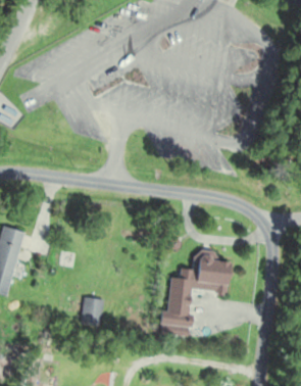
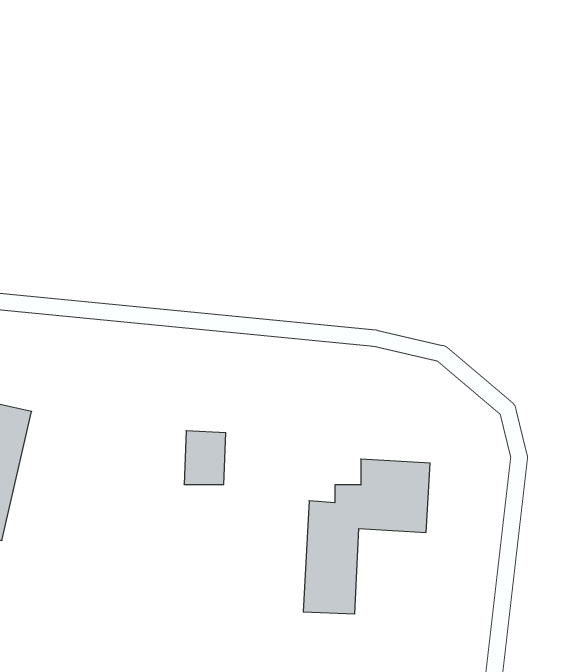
building: [82,298,103,326] -> [184,431,226,484]

